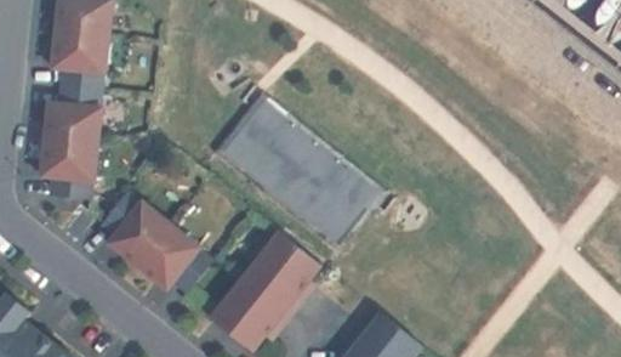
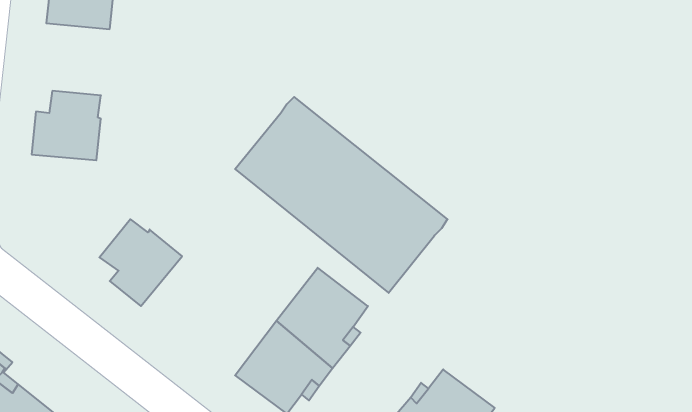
building: [51,28,107,87] -> none
building: [39,136,96,198] -> none
building: [132,220,210,288] -> none

